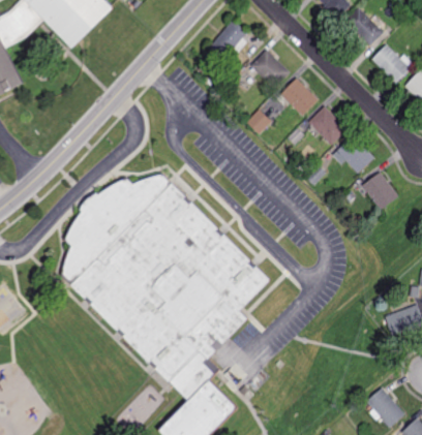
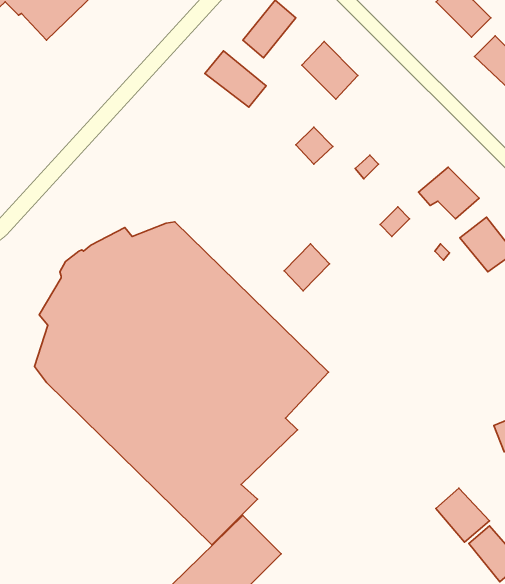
building: none -> [205,51,266,107]
building: [280,79,318,116] -> none
building: [308,106,348,146] -> none
building: none -> [284,244,330,291]
building: none -> [436,488,489,542]

